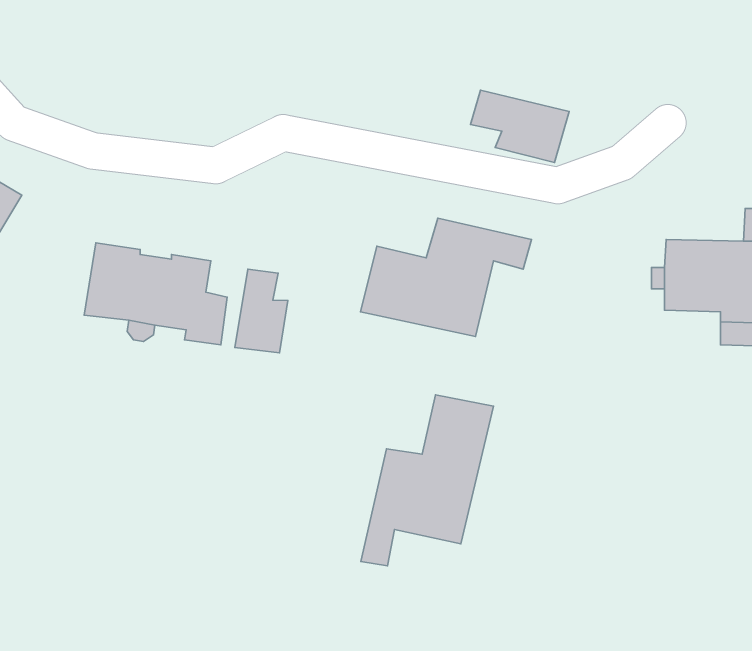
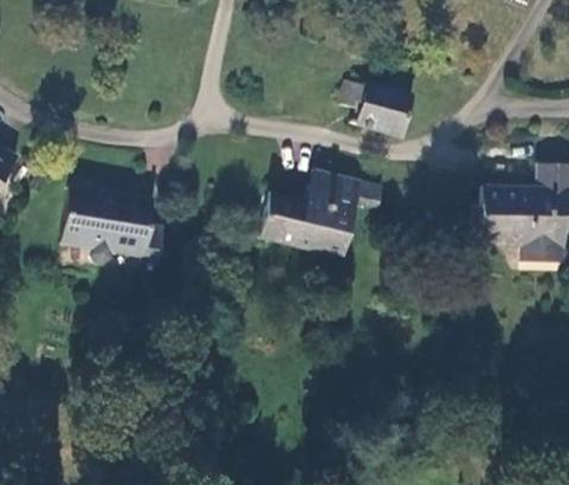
building: [235,269,288,353] -> none
building: [361,395,494,566] -> none

